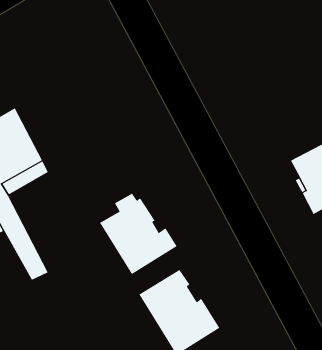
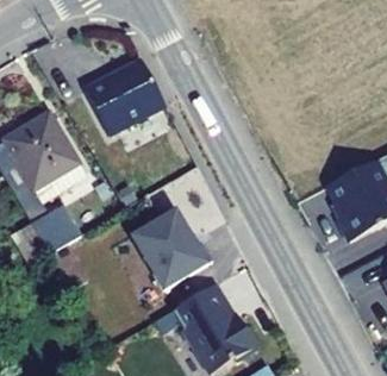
building: none -> [81,58,162,134]

